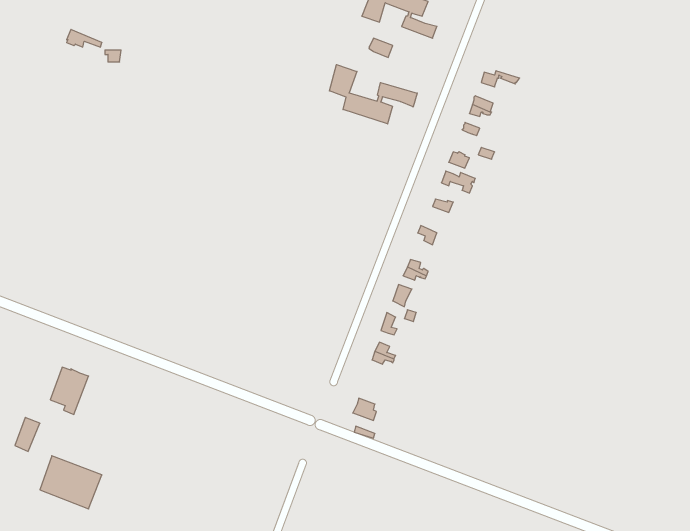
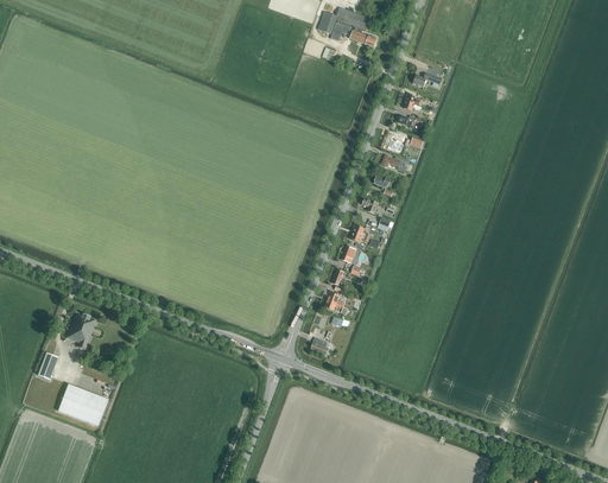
building: [329,65,417,124] -> none

